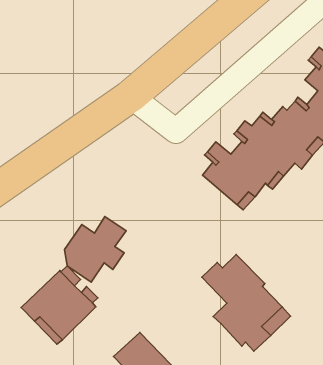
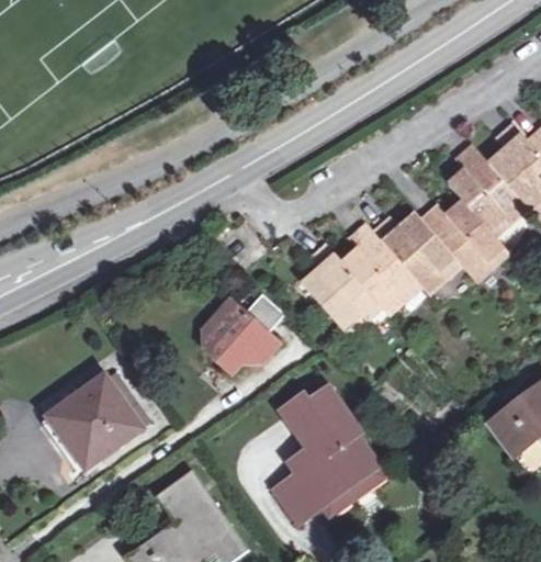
building: [65,217,126,282] -> [203,293,284,373]
building: none -> [274,474,318,520]

